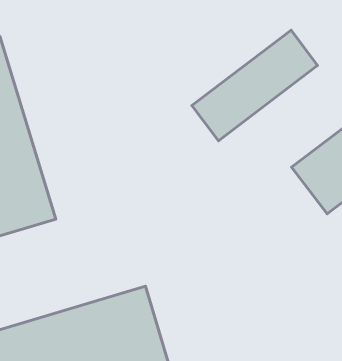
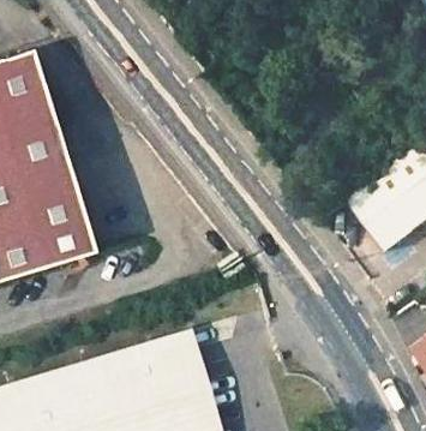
building: [192,30,318,141] -> none

